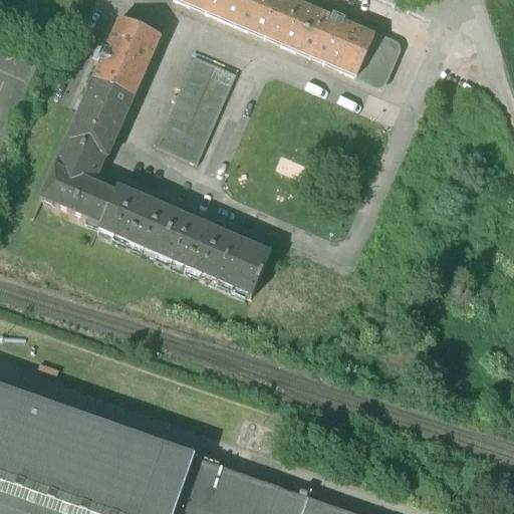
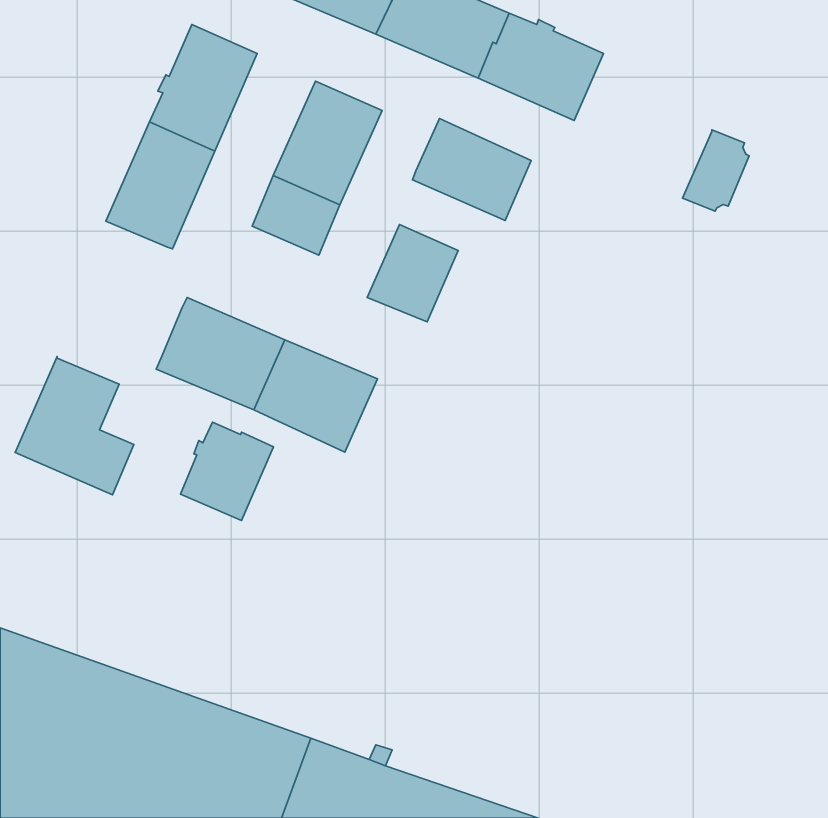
building: [356,32,398,82] -> [683,130,749,211]
building: none -> [412,119,531,221]
building: [41,136,114,221] -> [15,357,134,495]
building: [215,234,271,294] -> [367,224,458,322]
building: none -> [181,422,273,521]

